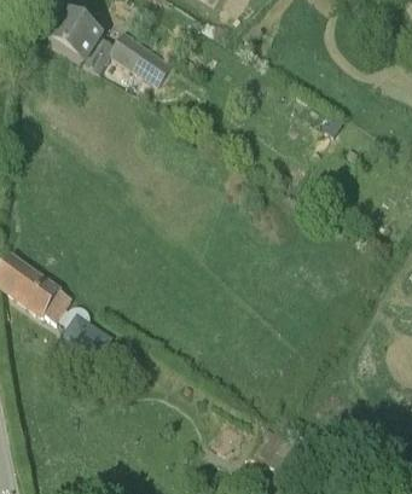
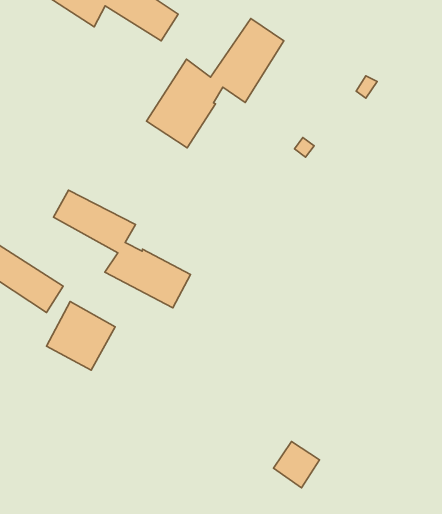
building: none -> [147,19,284,148]
building: none -> [54,190,190,308]

